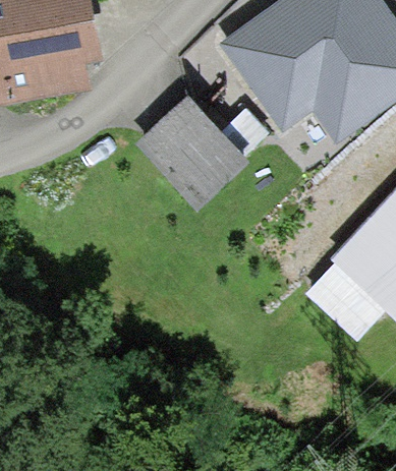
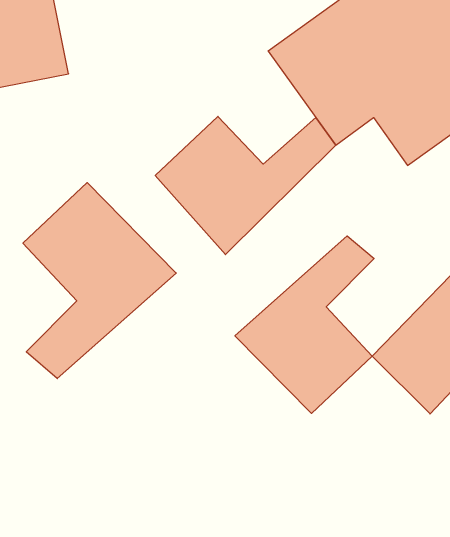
building: none -> [23,183,176,379]
building: none -> [235,236,374,413]

